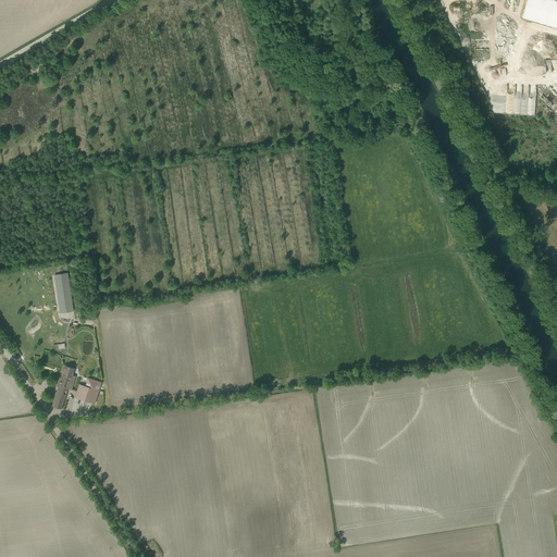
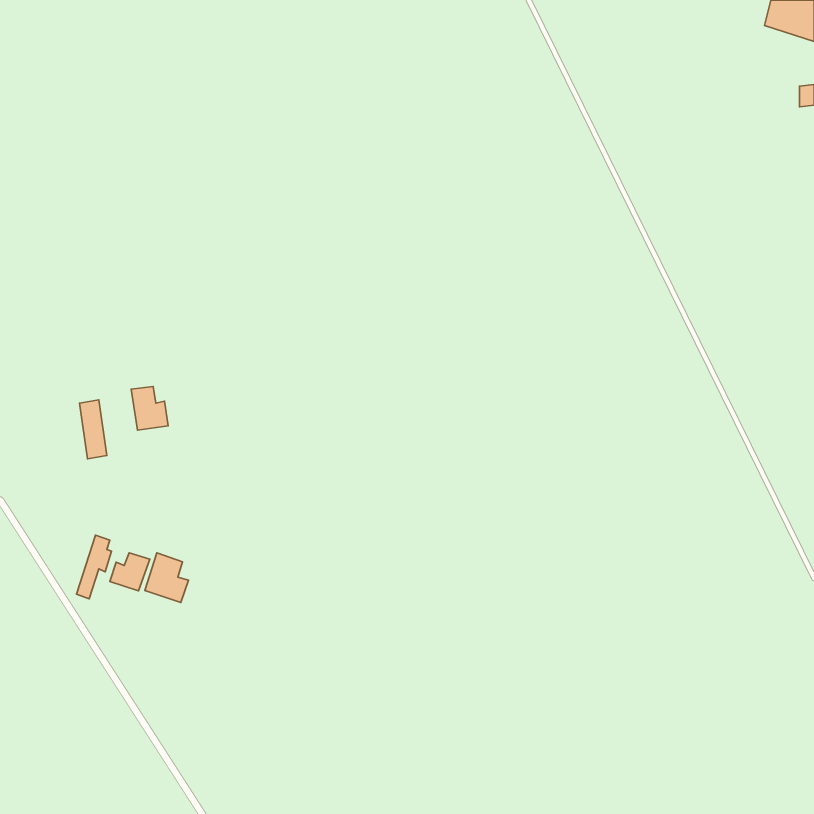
building: none -> [131,387,168,430]
building: none -> [145,553,188,603]

